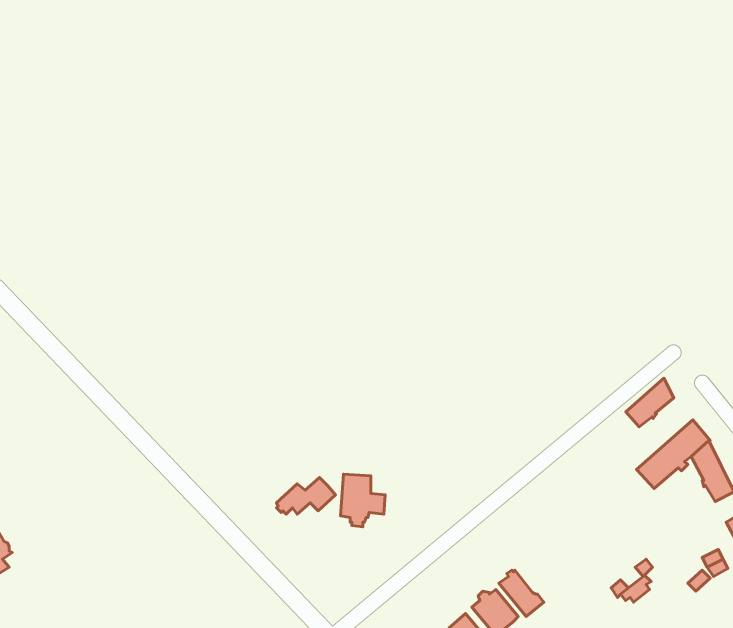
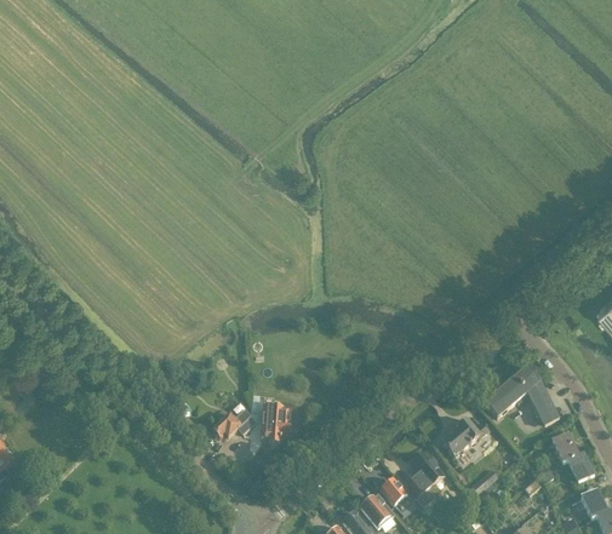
building: [626,378,674,427] -> none
building: none -> [440,417,487,455]
building: none -> [401,450,441,505]

